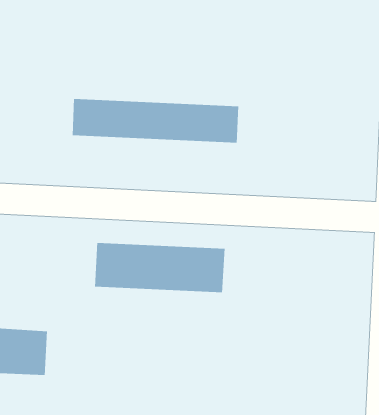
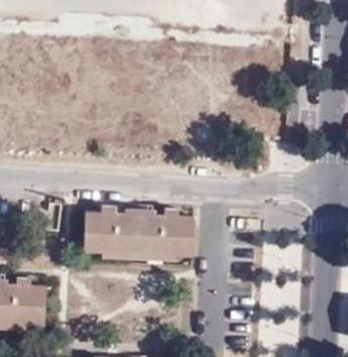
building: [72,98,239,144] -> none

